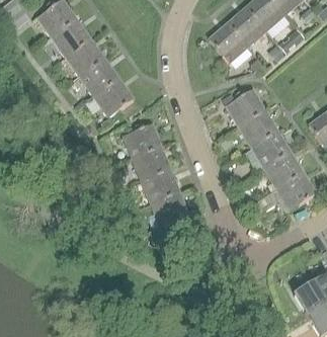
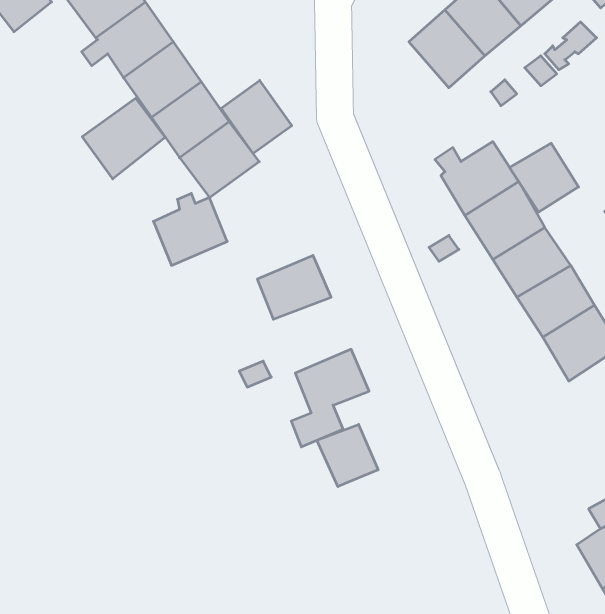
building: none -> [221,80,292,154]
building: none -> [82,98,165,179]
building: none -> [510,143,579,212]
building: [124,122,161,159] -> [153,193,227,265]
building: [141,168,180,206] -> none
building: none -> [317,424,378,487]

